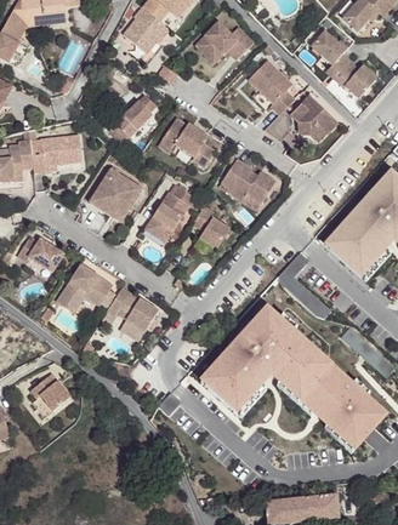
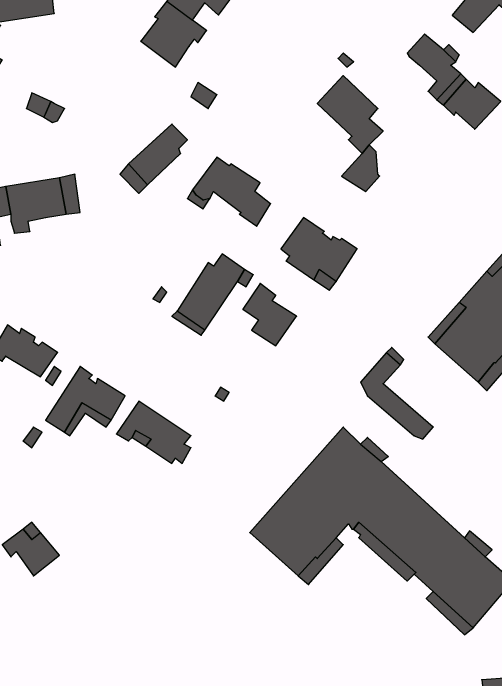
building: [193,23,251,65] -> none
building: [296,96,335,137] -> none
building: [90,166,144,216] -> none

